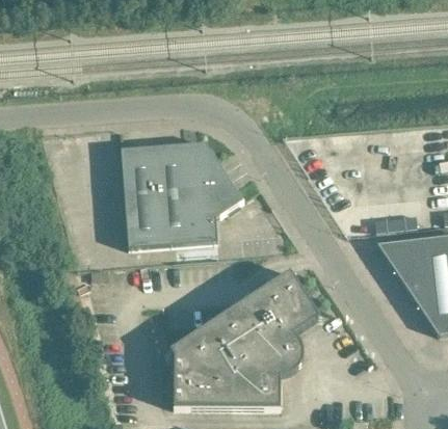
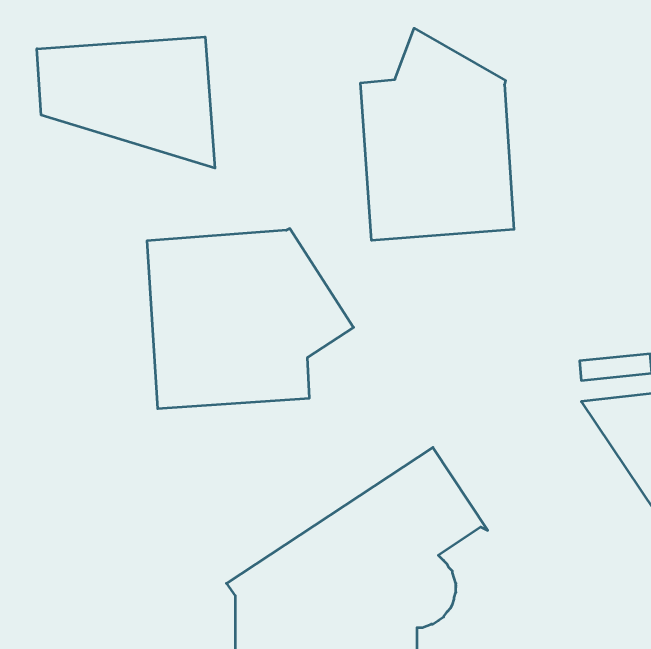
building: none -> [361,28,514,240]
building: none -> [37,37,215,168]

